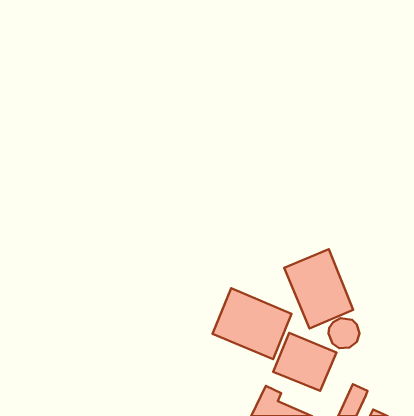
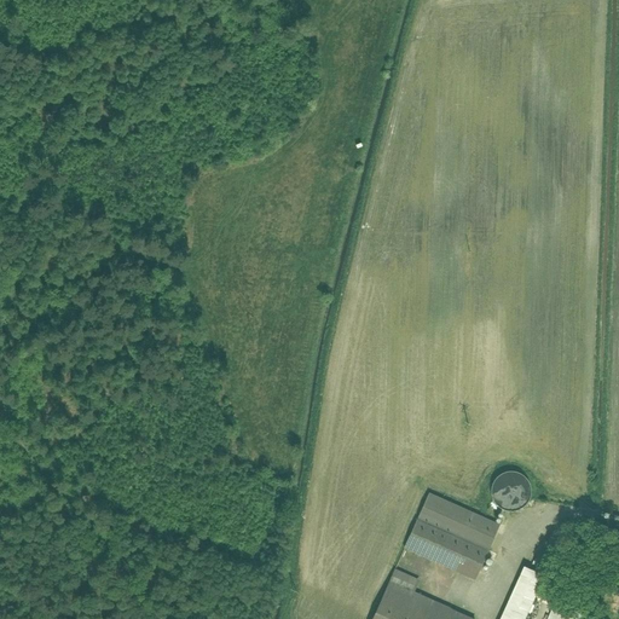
building: [284,249,353,329] -> none
building: [213,288,291,359] -> none

